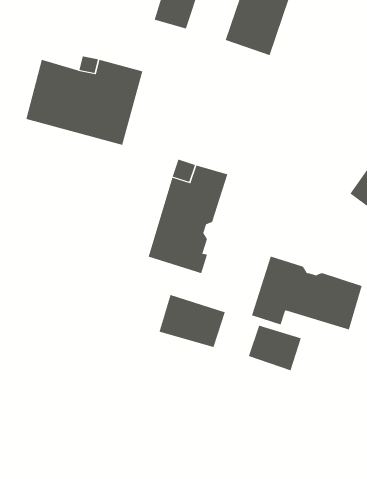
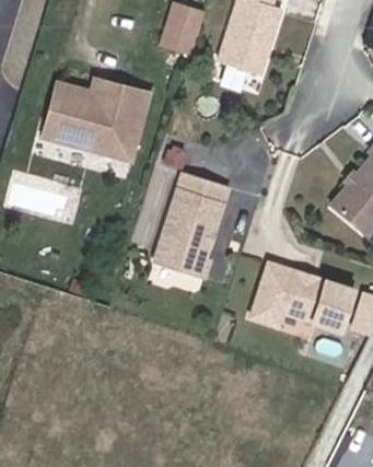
building: [159,294,226,348] -> none
building: [248,325,301,371] -> none

